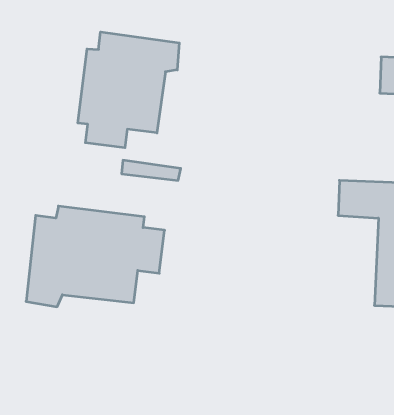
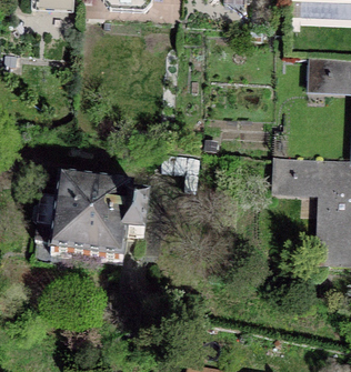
building: [78,32,179,148] -> none

